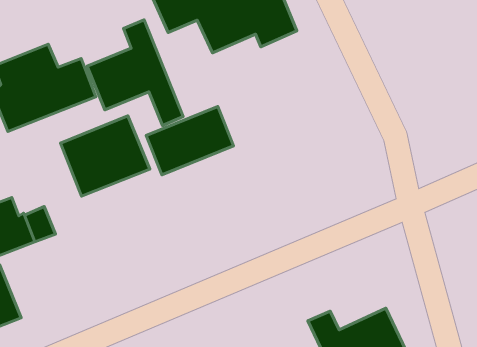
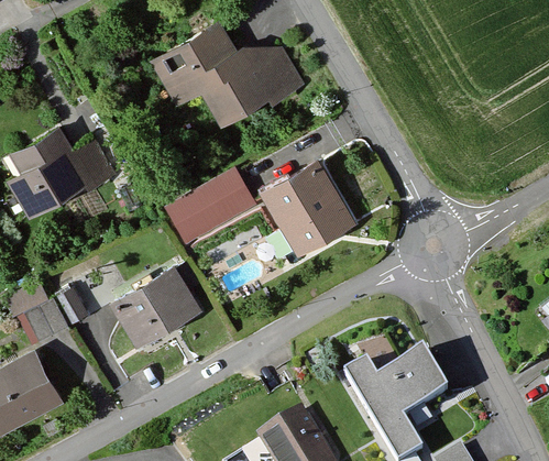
building: [87,20,183,126] -> none
building: none -> [261,160,351,254]
building: [61,116,150,196] -> [117,266,208,351]

